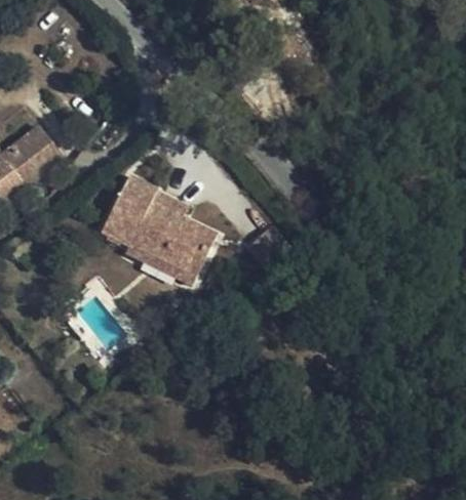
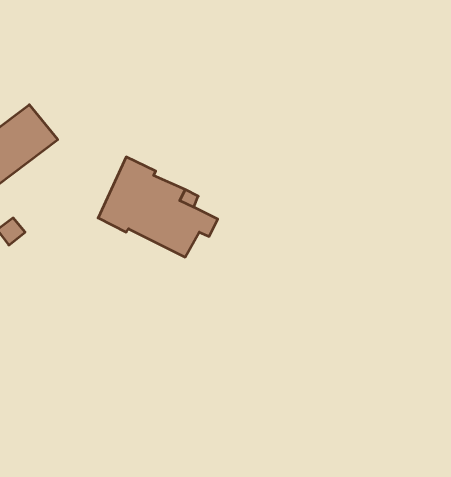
building: [125,241,206,283] -> none

